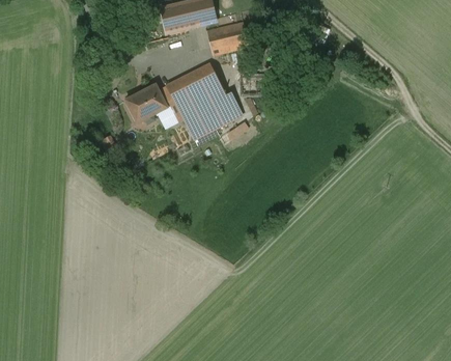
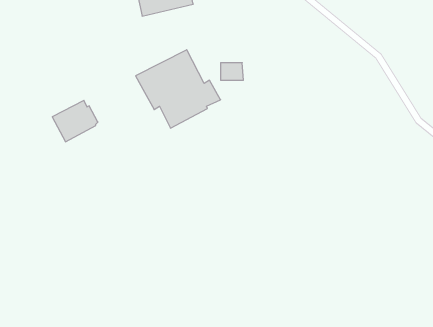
building: [206,20,249,53] -> none
building: [125,82,169,121] -> [52,100,98,142]

